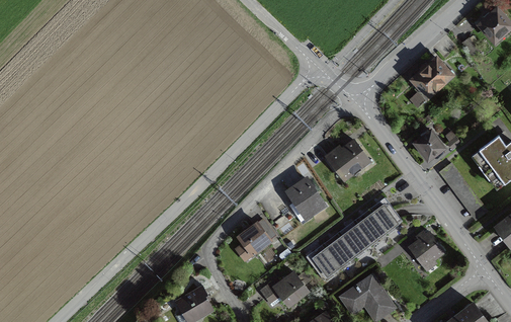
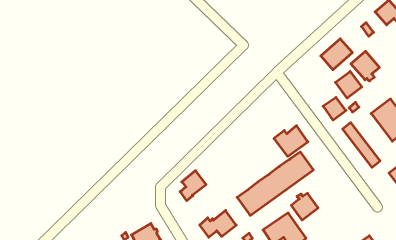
building: none -> [351,51,379,81]
building: none -> [335,71,362,98]
building: [326,141,368,179] -> [274,126,308,156]
building: [287,179,324,222] -> none
building: [410,233,443,266] -> [291,193,318,220]

